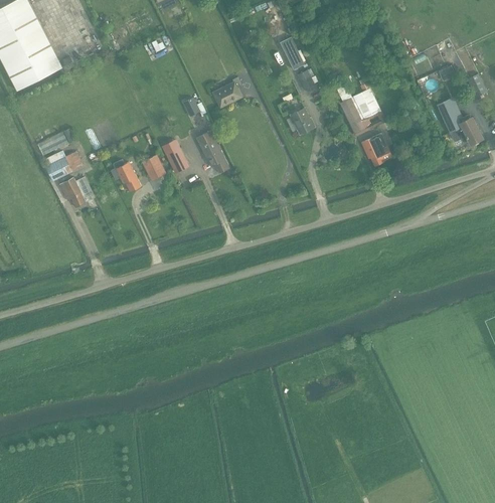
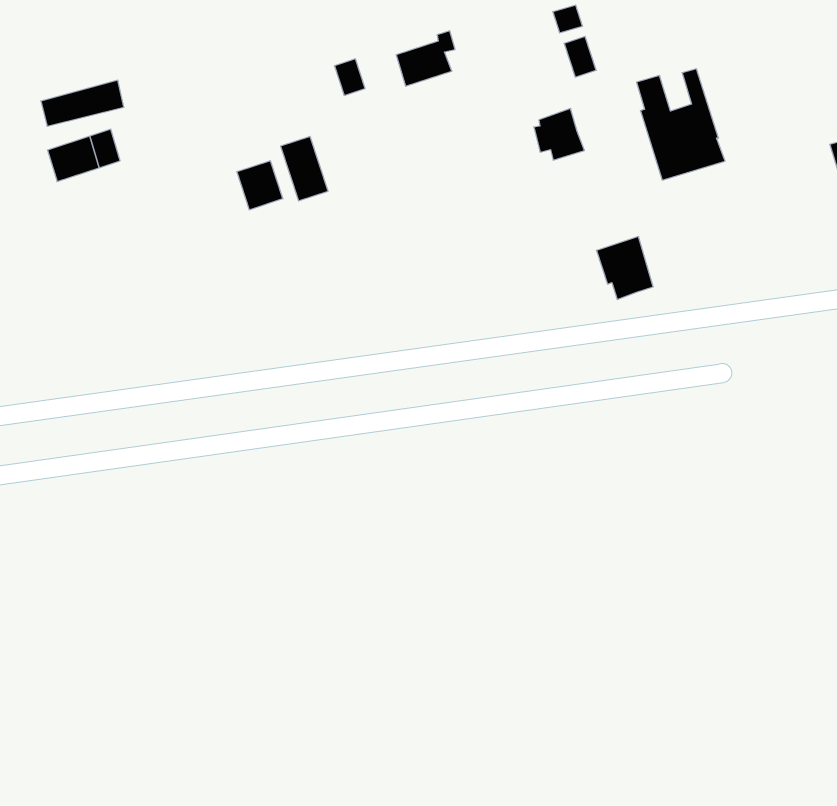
building: [197,131,229,172] -> none
building: [360,133,391,166] -> [596,237,653,300]
building: [111,159,141,191] -> none
building: [60,177,85,207] -> none

